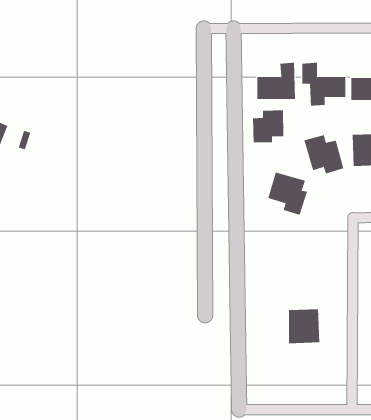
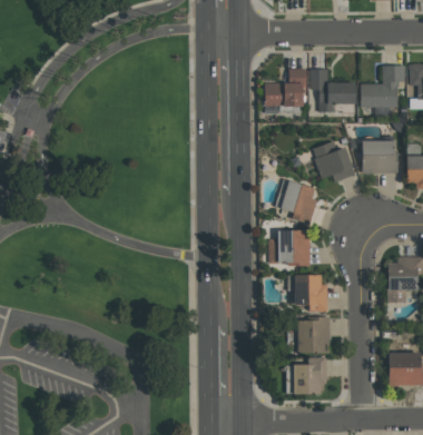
building: [253,110,284,143] -> none
building: none -> [268,229,311,265]
building: none -> [294,275,328,312]
building: none -> [286,357,327,394]

